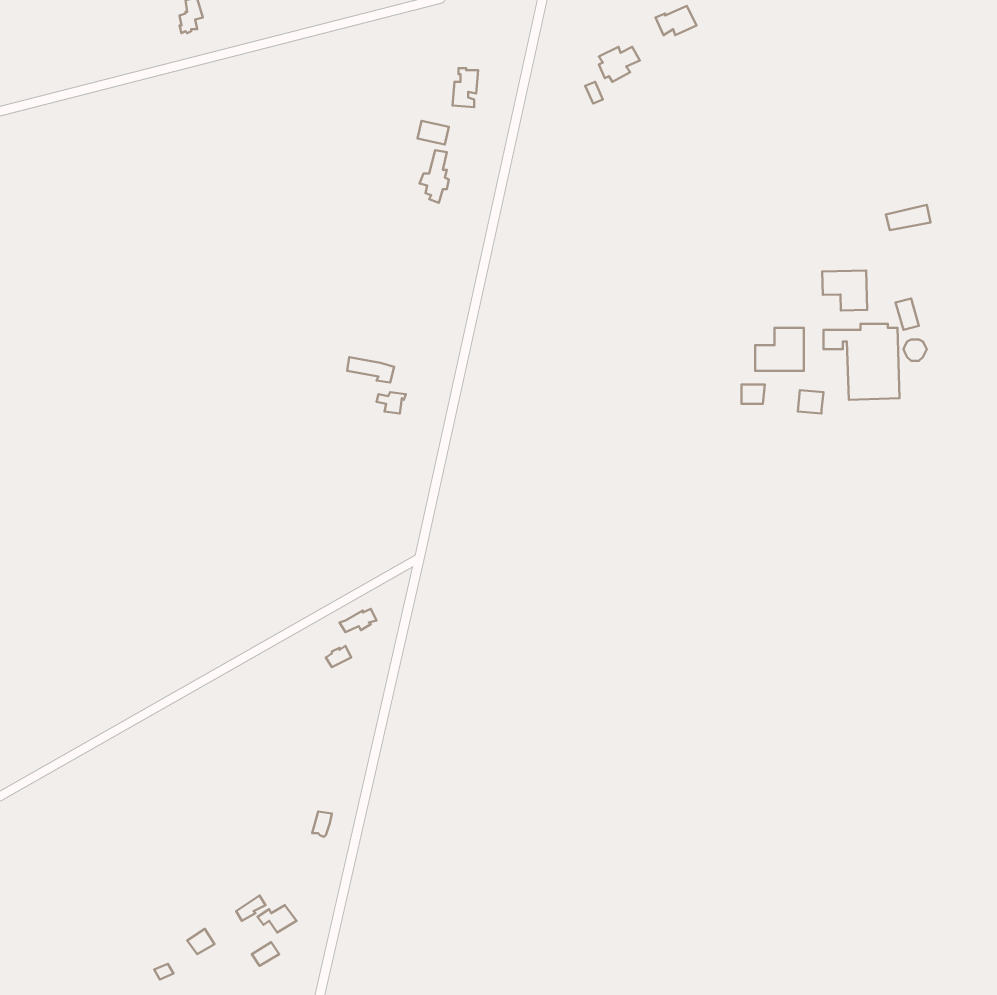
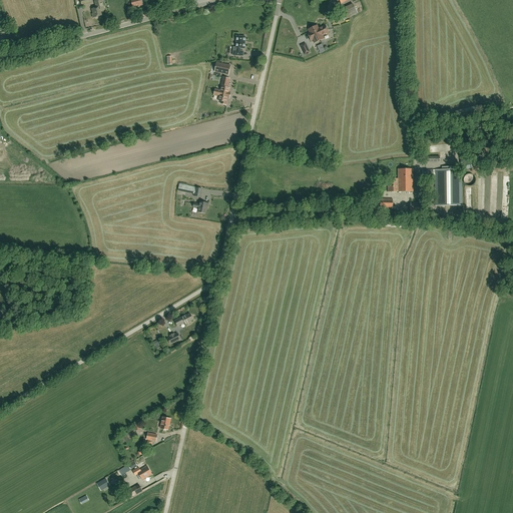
building: [822,270,867,311] -> none

